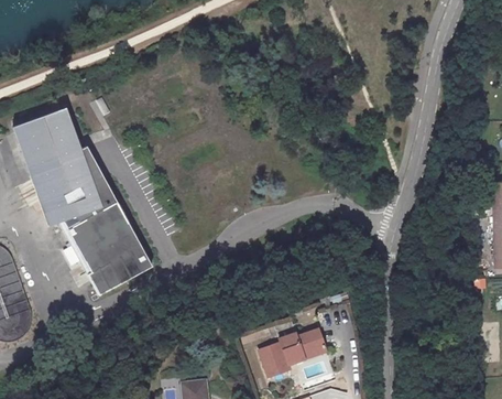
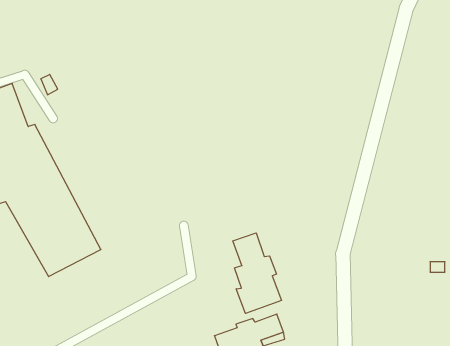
building: none -> [233,233,281,313]

